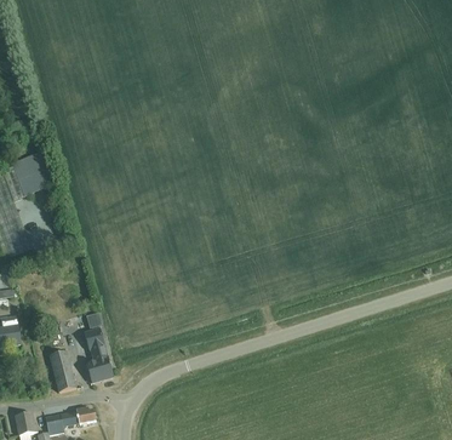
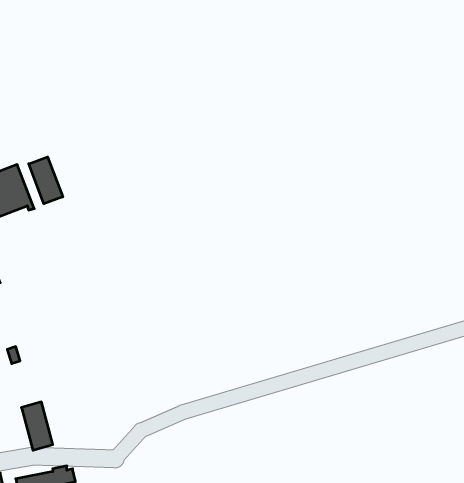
building: none -> [29,157,63,204]
building: [84,312,111,382] -> none

